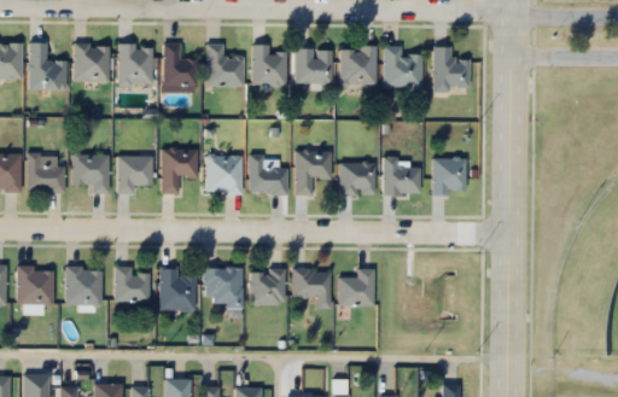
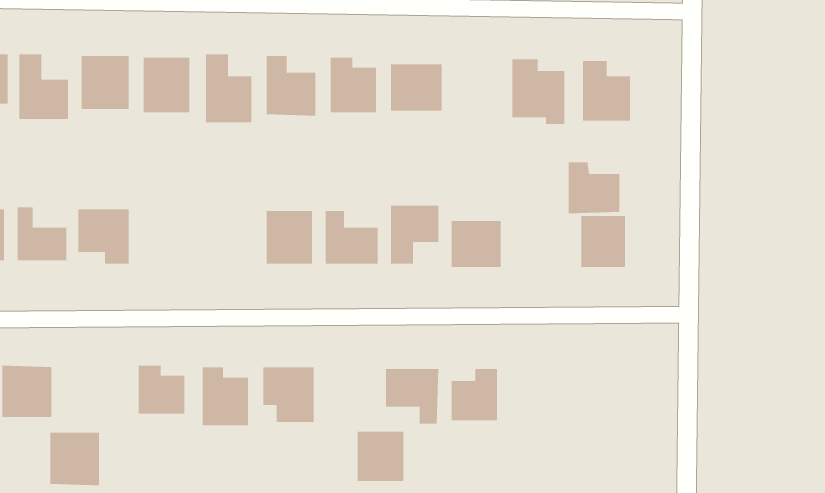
building: [340,47,377,84] -> none
building: [161,148,197,193] -> none
building: [118,156,153,193] -> none
building: [383,157,420,194] -> [568,162,620,214]
building: [65,265,101,304] -> [49,432,100,486]
building: [250,268,284,304] -> [357,431,404,482]

